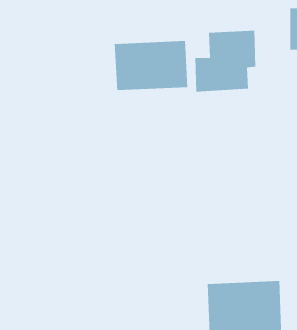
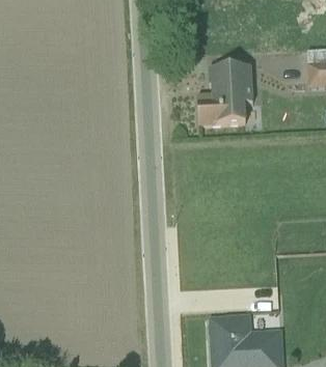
building: [114,40,188,91] -> none

